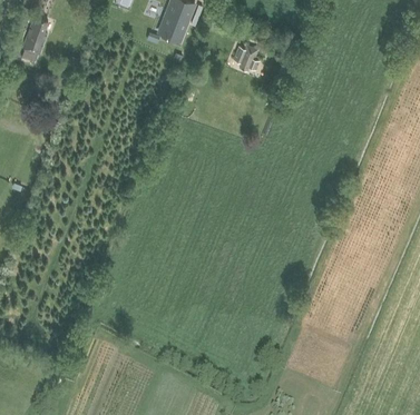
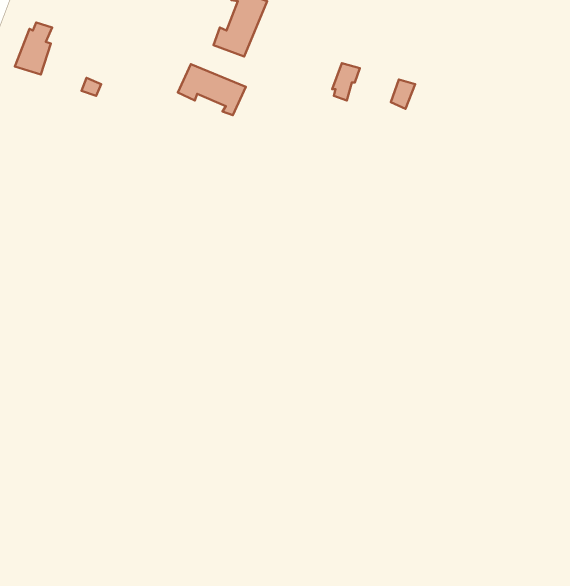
building: none -> [178,64,246,115]

